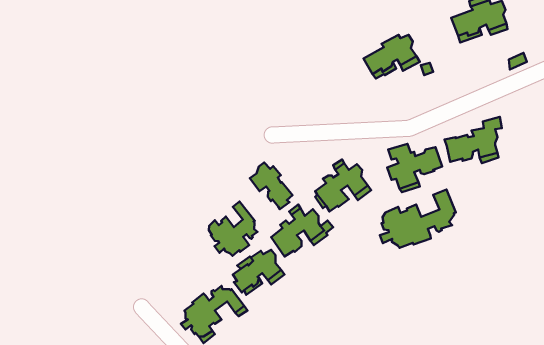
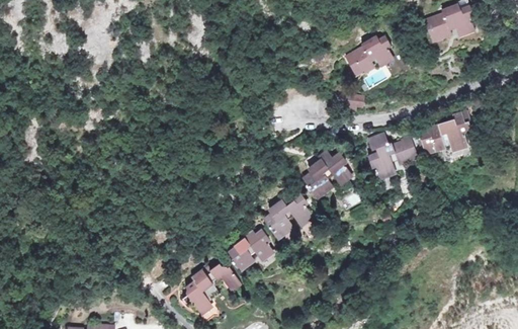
building: [250,162,293,209] -> none
building: [380,190,456,248] -> none
building: [209,201,257,256] -> none

